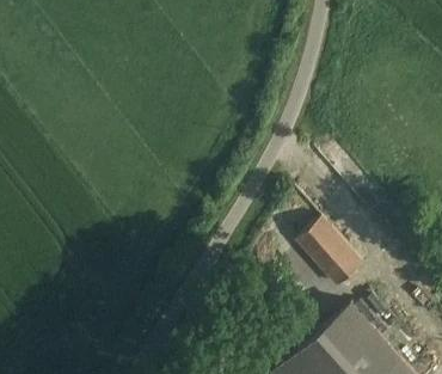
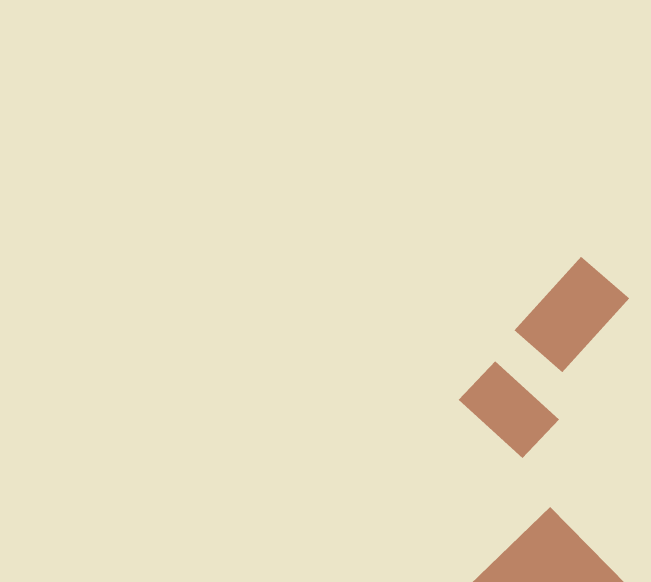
building: none -> [513,256,630,373]

